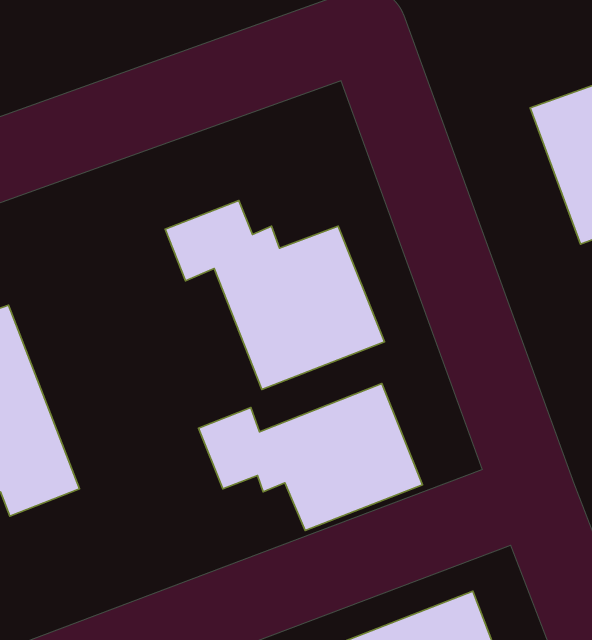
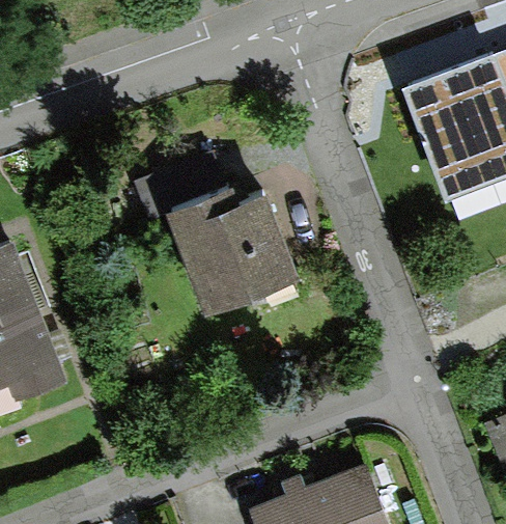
building: [199,383,423,531] -> none

